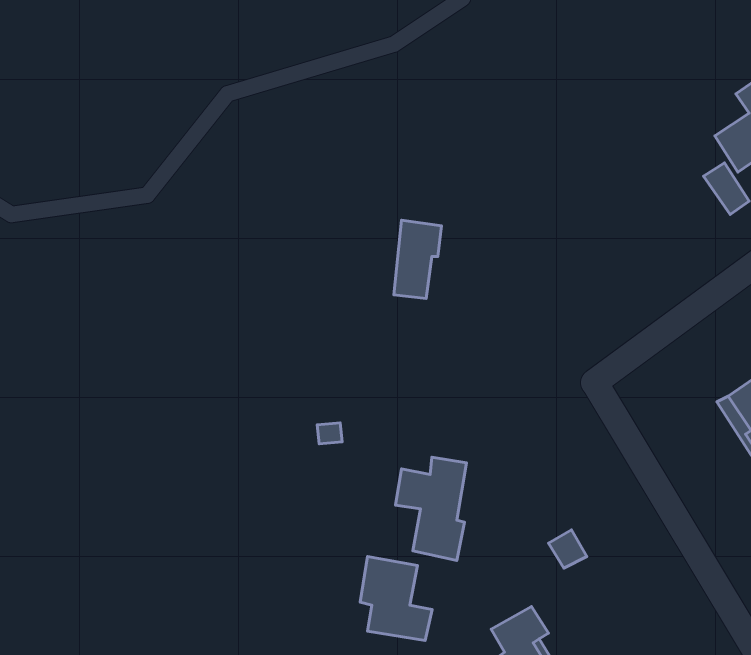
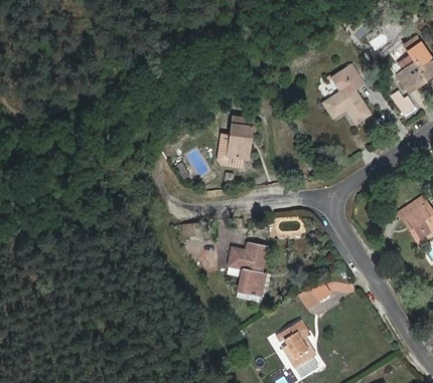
building: none -> [324,65,371,124]
building: [360,557,432,640] -> none

